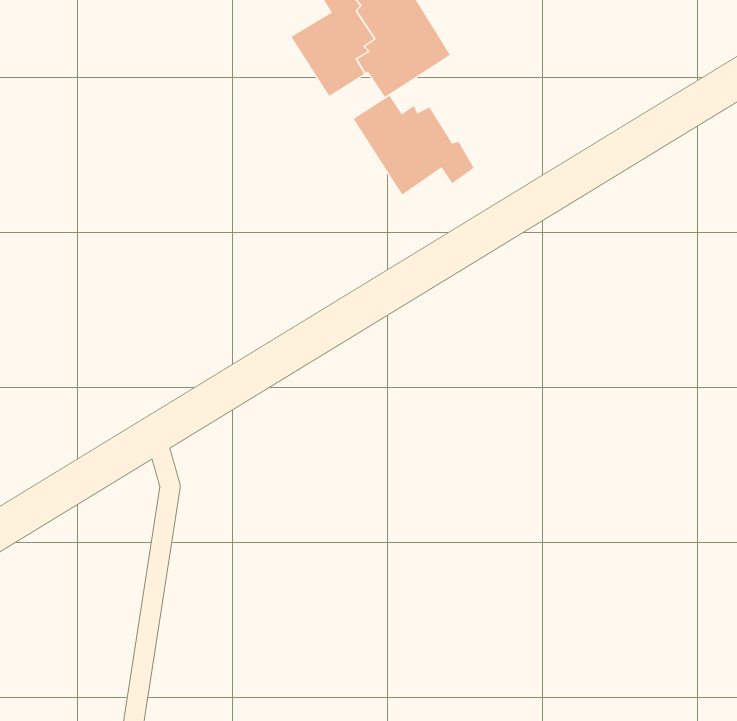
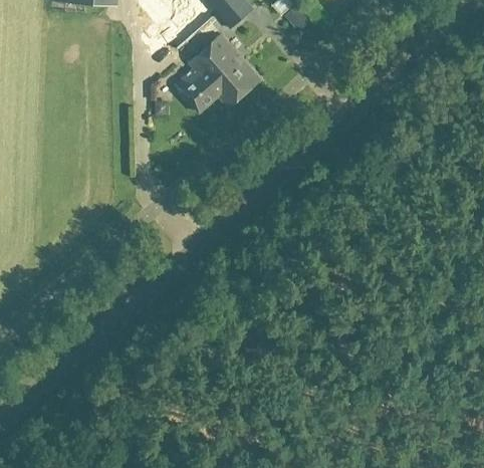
building: [353,95,475,196] -> none

